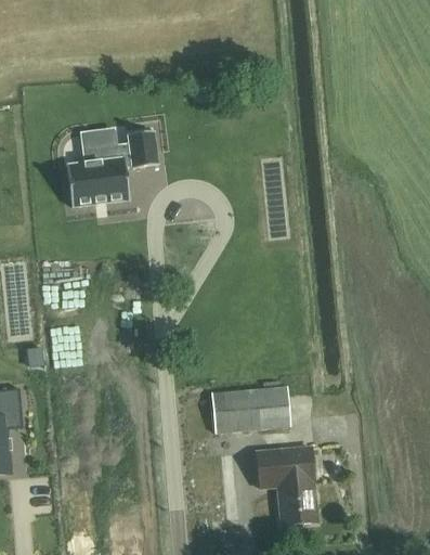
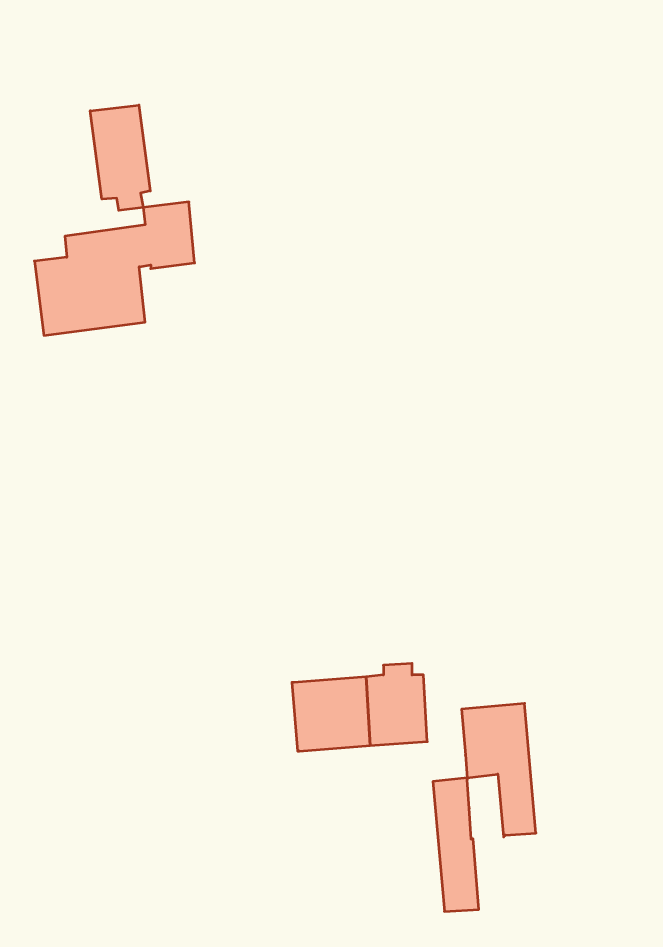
building: none -> [90,105,150,210]
building: [256,449,298,525] -> [462,703,536,837]

